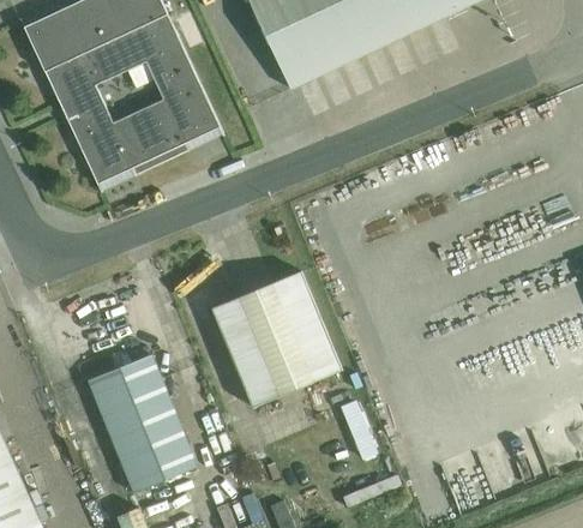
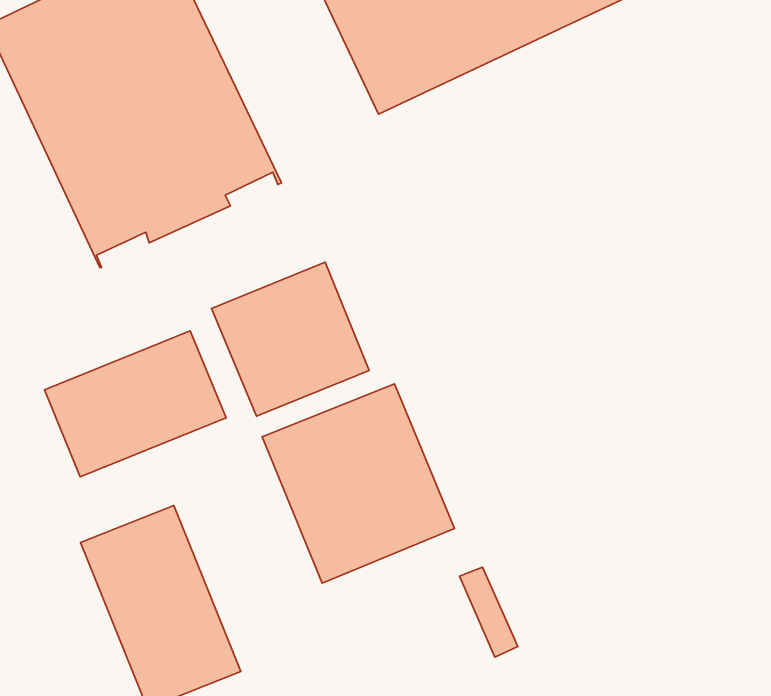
building: none -> [212,262,369,416]
building: none -> [44,331,226,477]

